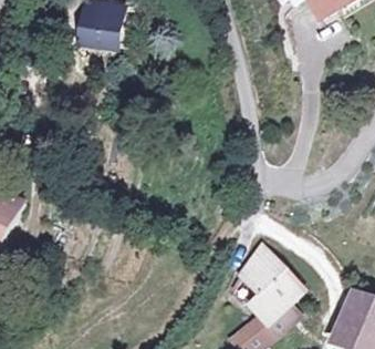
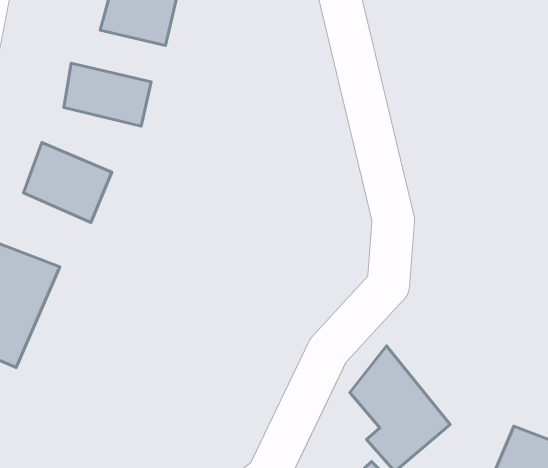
building: none -> [64,63,151,126]
building: none -> [23,143,112,223]

